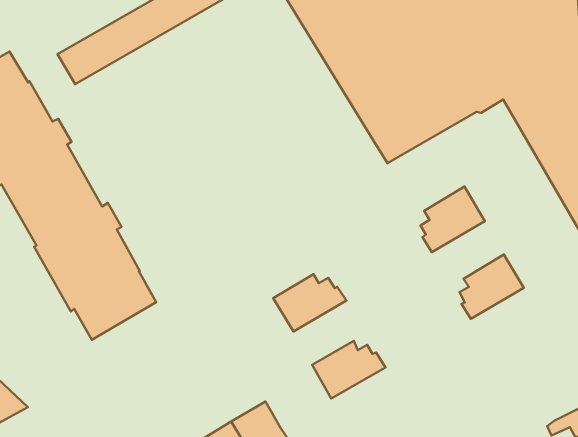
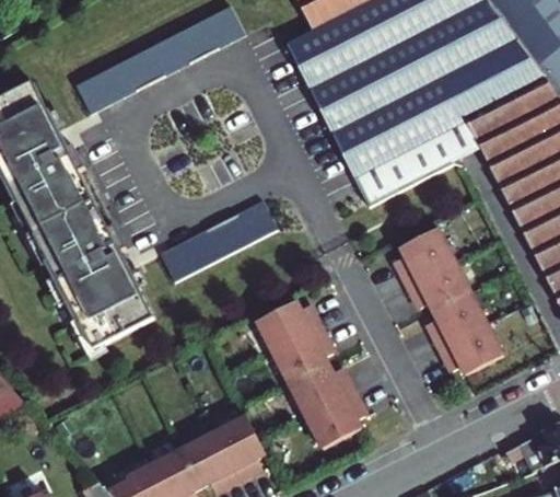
building: none -> [159,200,278,281]
building: none -> [406,262,471,313]
building: none -> [438,325,504,377]
building: none -> [275,326,334,383]
building: none -> [305,390,364,447]

